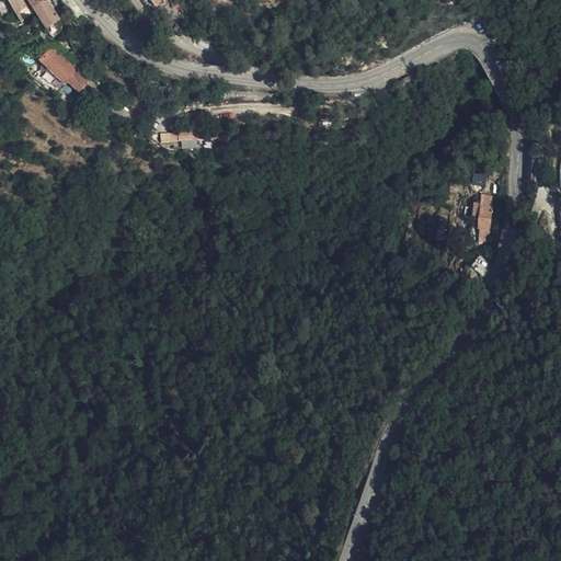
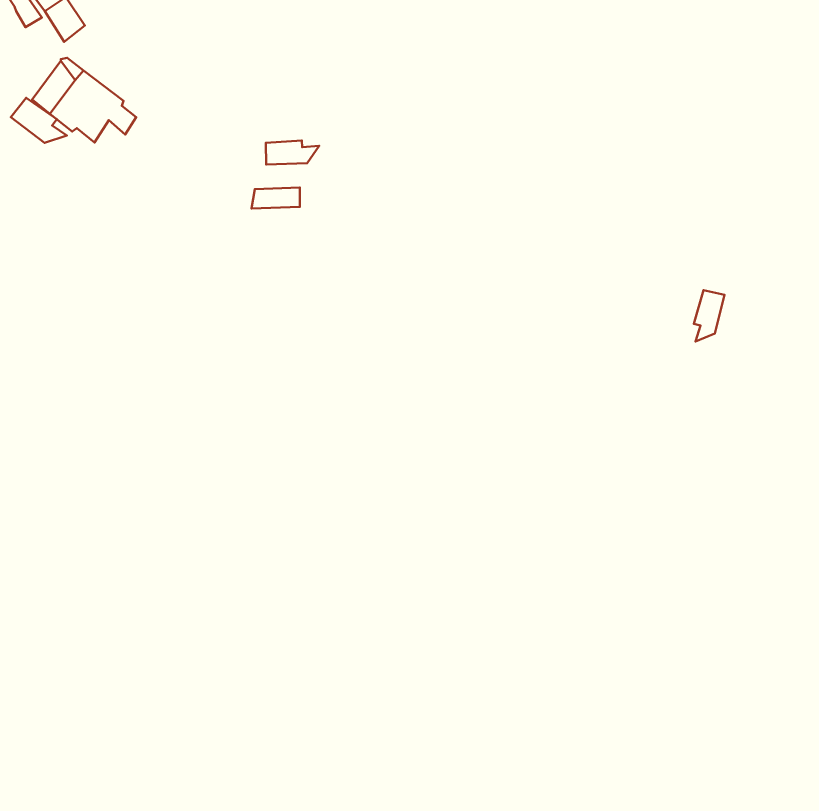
building: none -> [11,98,67,143]
building: none -> [266,140,319,165]

